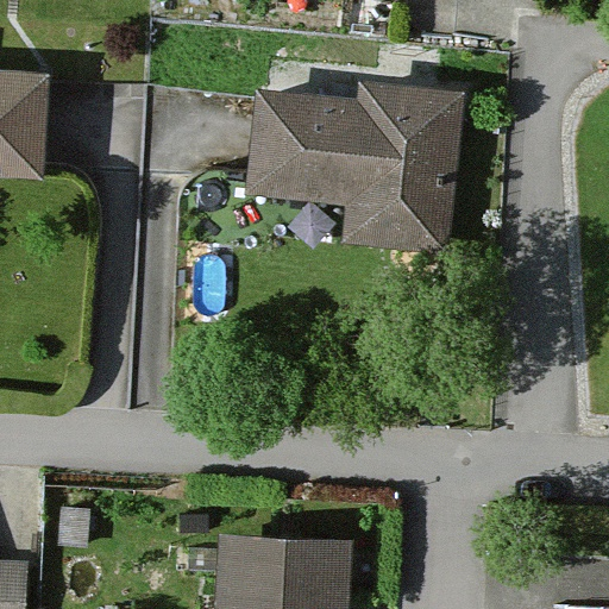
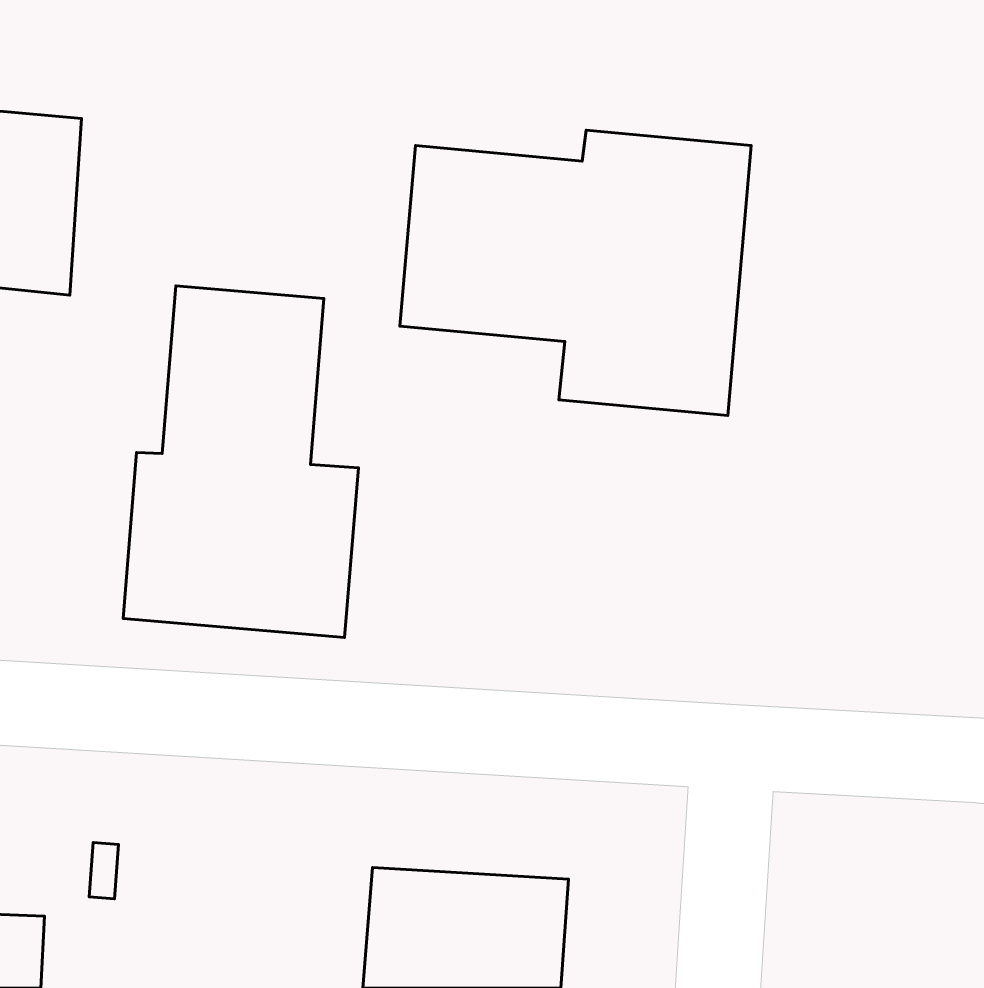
building: none -> [123,286,358,638]

